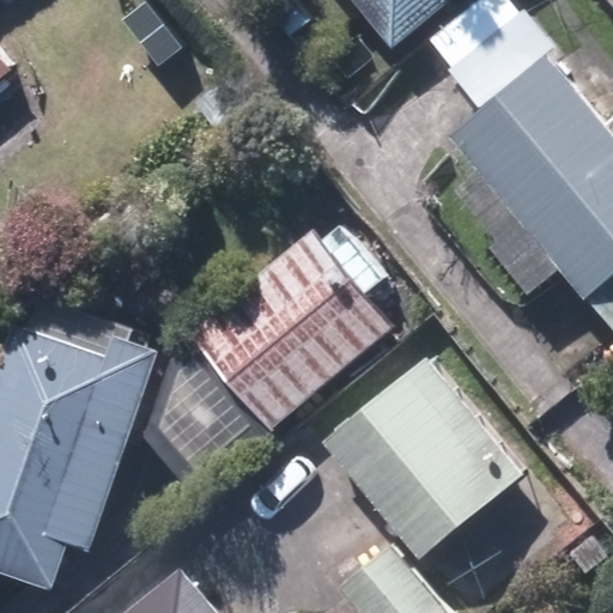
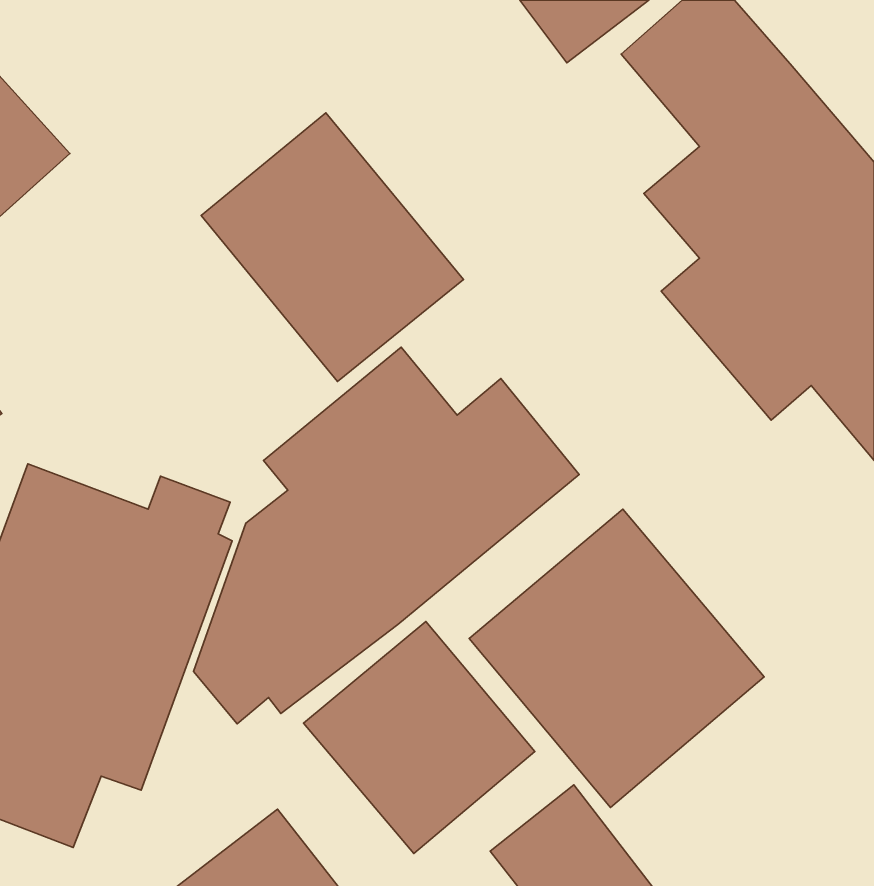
building: none -> [201,113,464,382]
building: none -> [303,621,535,853]

